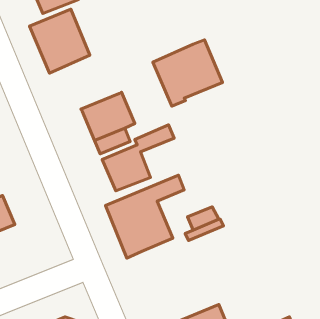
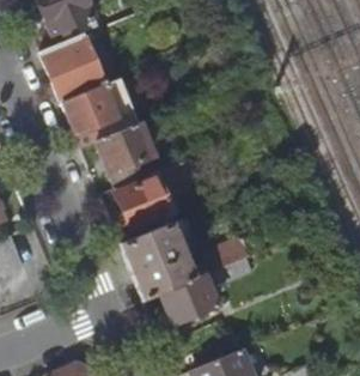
building: [153,40,222,106] -> [61,79,135,150]
building: none -> [159,275,216,326]

